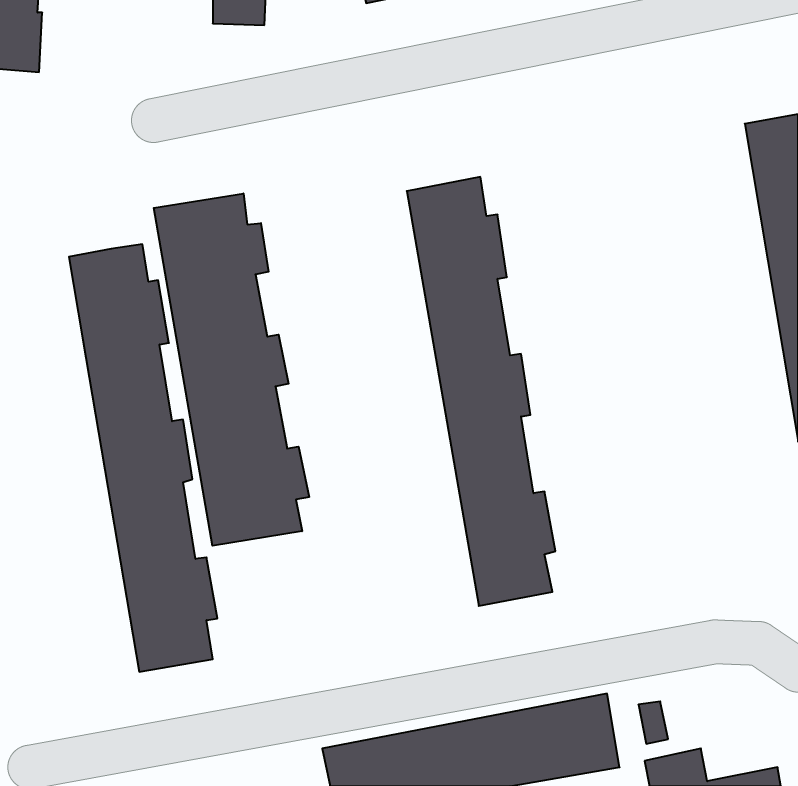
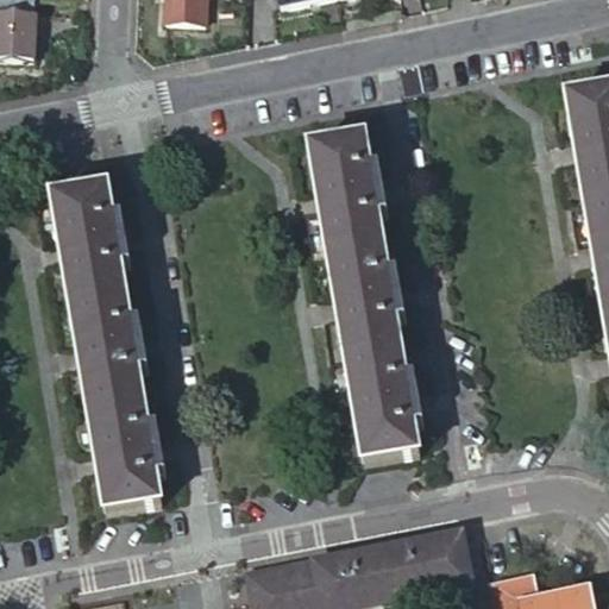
building: [154,193,309,546] -> none

